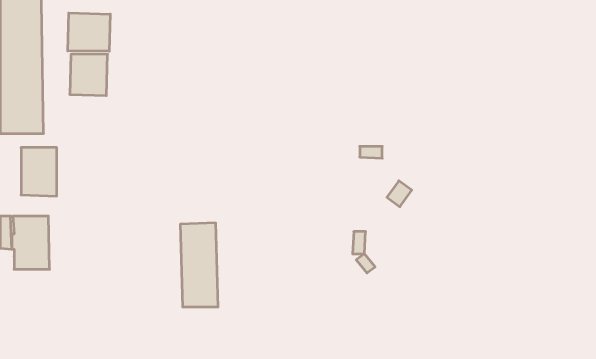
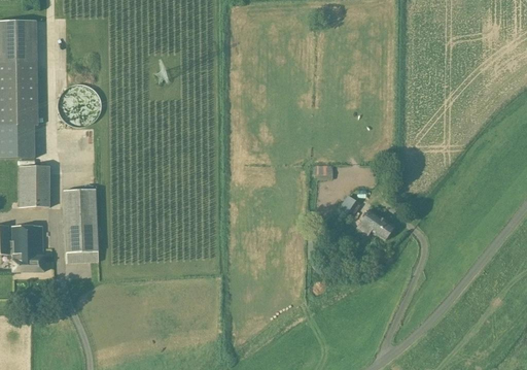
building: [68,13,110,51] -> none
building: none -> [356,208,393,239]
building: [180,223,218,307] -> [65,189,98,262]

